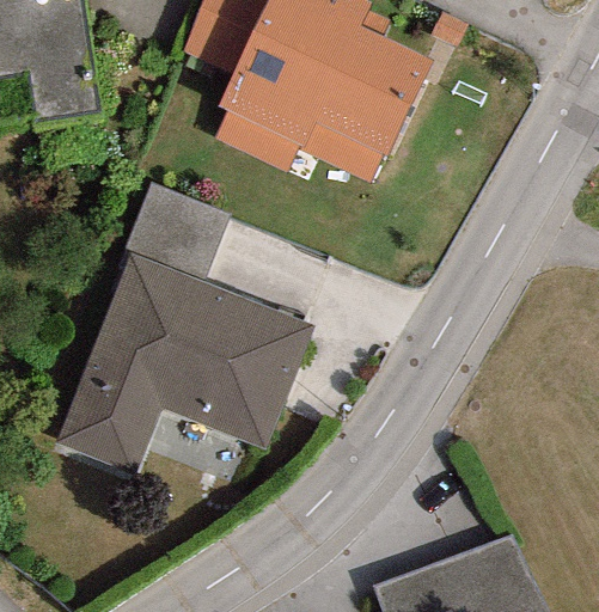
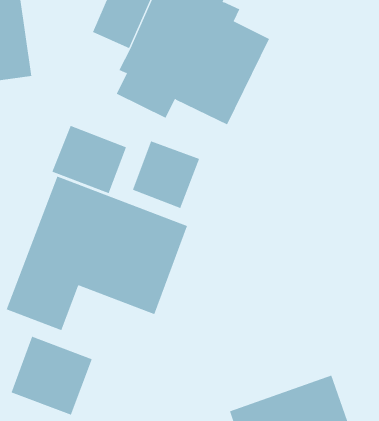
building: none -> [132,140,200,209]
building: none -> [11,336,92,415]

